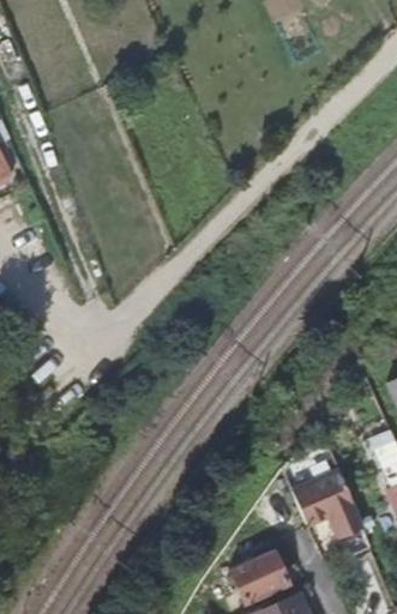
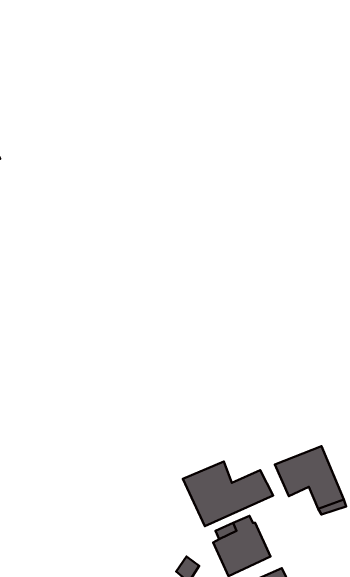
building: none -> [183,462,273,526]

